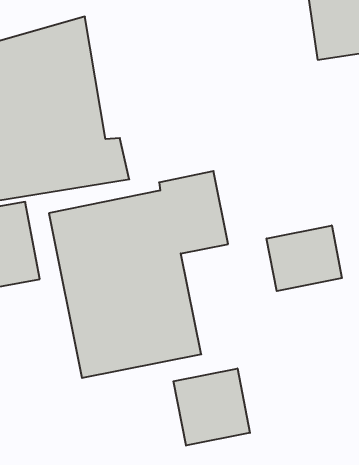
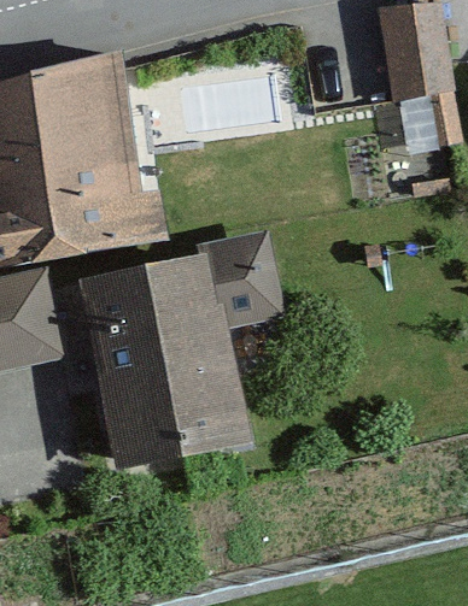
building: [267,225,342,291] -> none
building: [173,368,250,446] -> none

